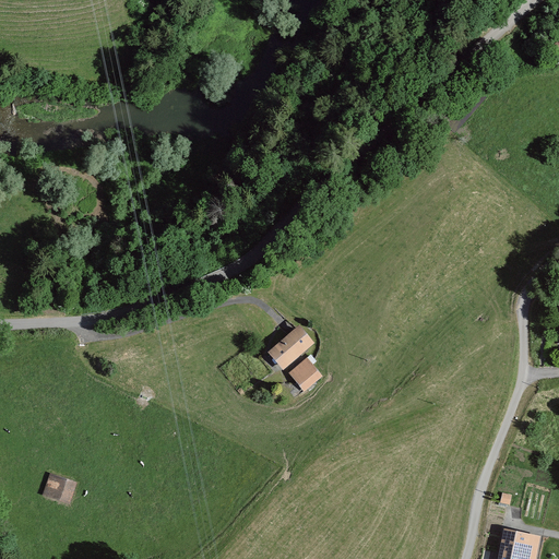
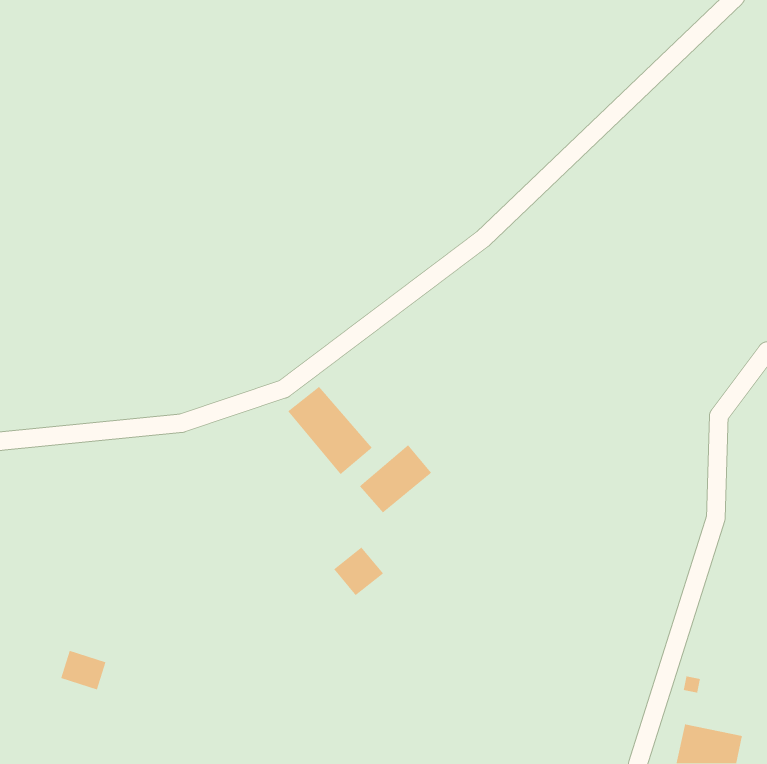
building: none -> [287,386,373,475]
building: [286,357,323,393] -> [333,547,384,596]

